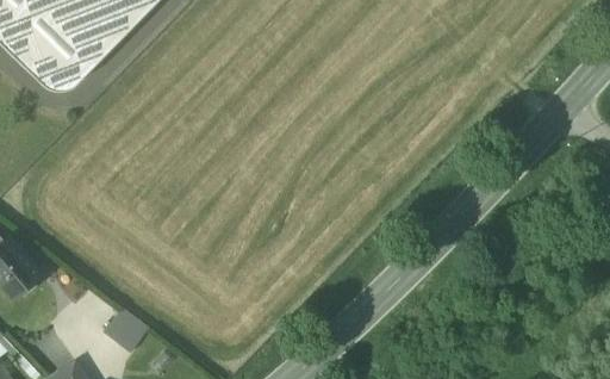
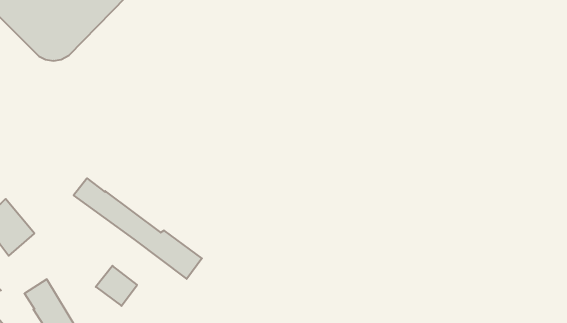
building: none -> [74,178,202,279]

